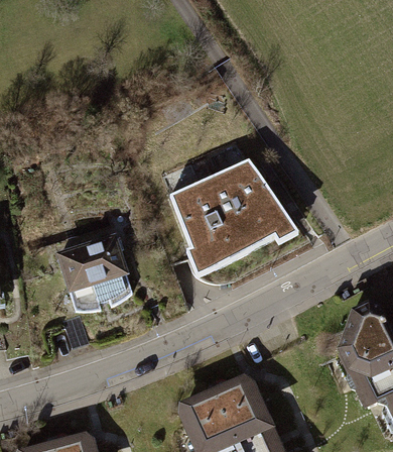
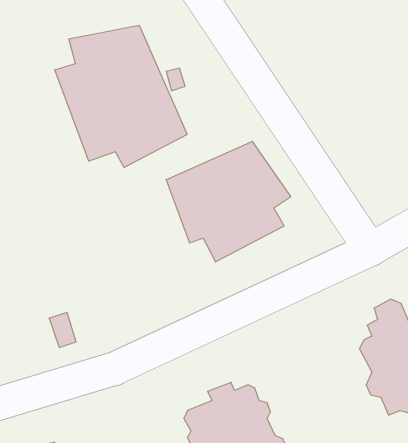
building: none -> [55,25,187,168]
building: [59,237,132,312] -> none

